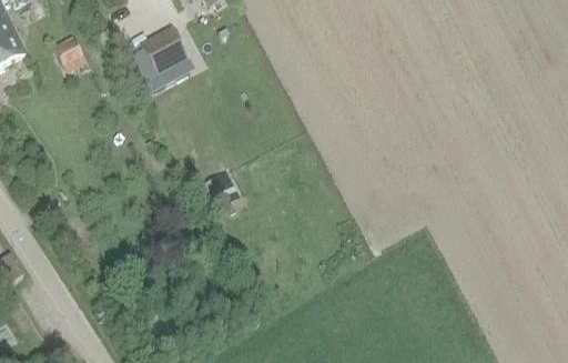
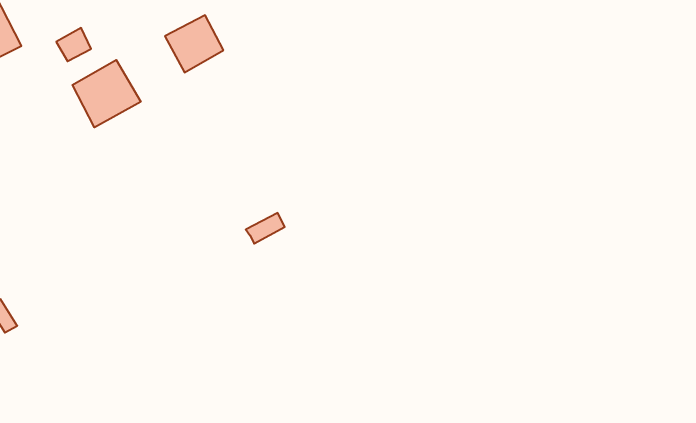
building: none -> [72,60,141,127]

